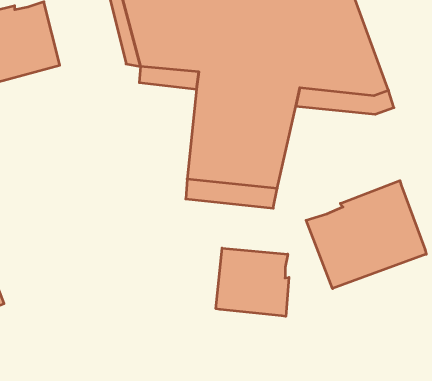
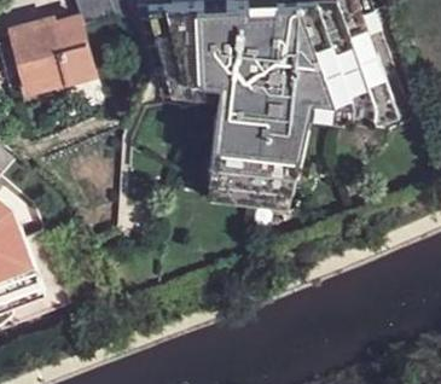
building: [306,181,426,289] -> none
building: [216,248,289,316] -> none

